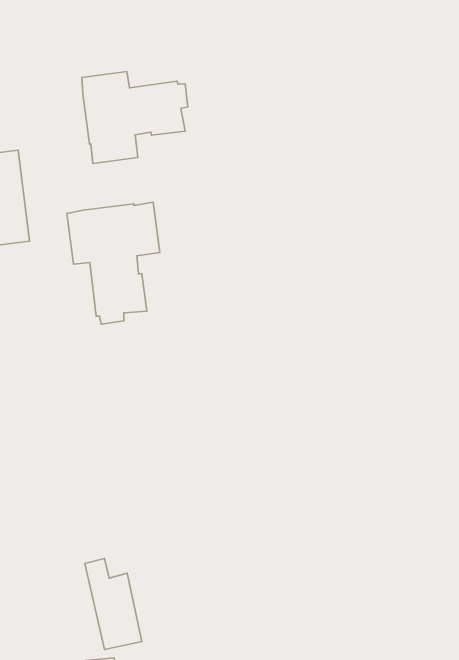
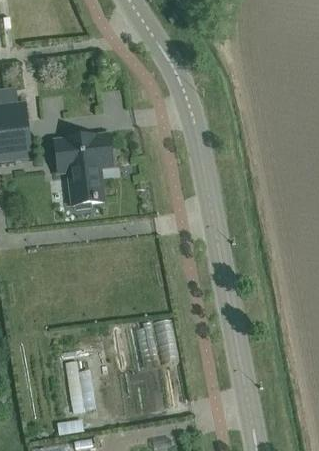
building: [82,72,188,163] -> none

